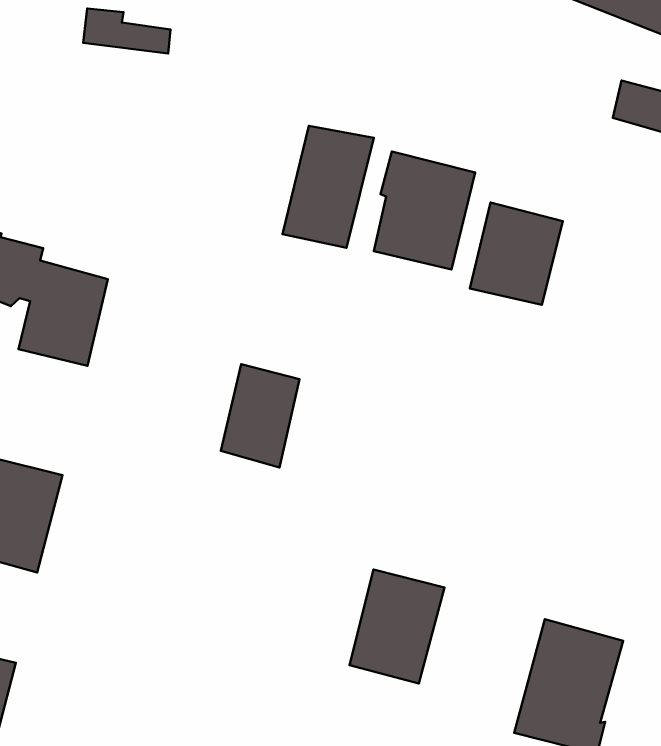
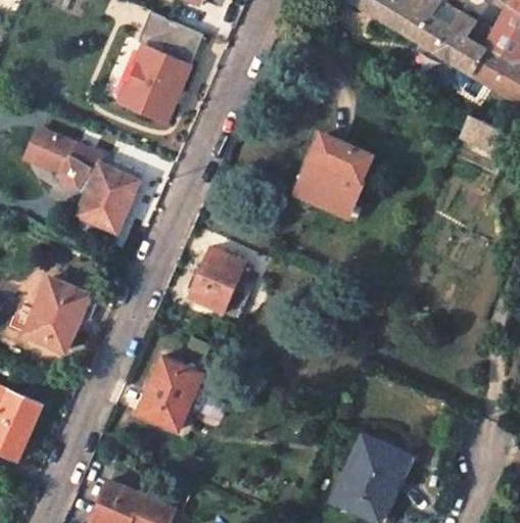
building: none -> [115,41,186,117]
building: [282,126,374,248] -> none
building: [470,203,563,305] -> none
building: [350,570,444,684] -> [136,355,201,429]

